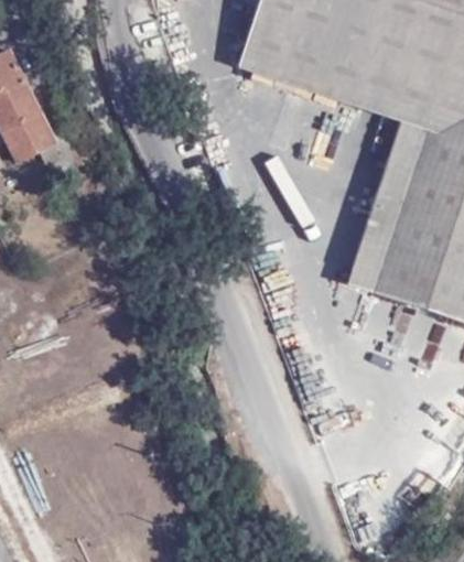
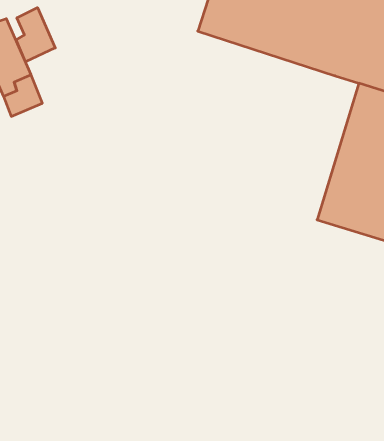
building: none -> [16,8,55,62]
building: [350,122,427,290] -> none

